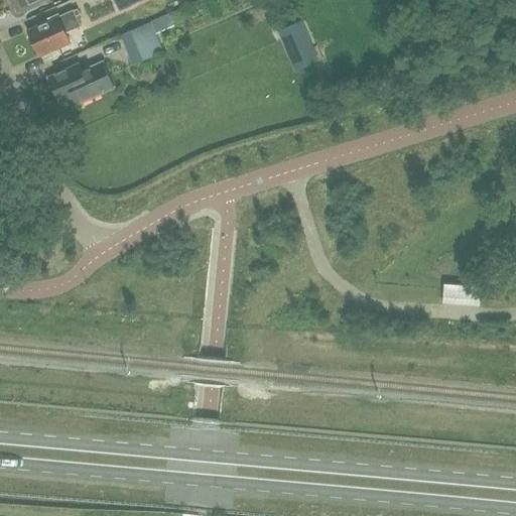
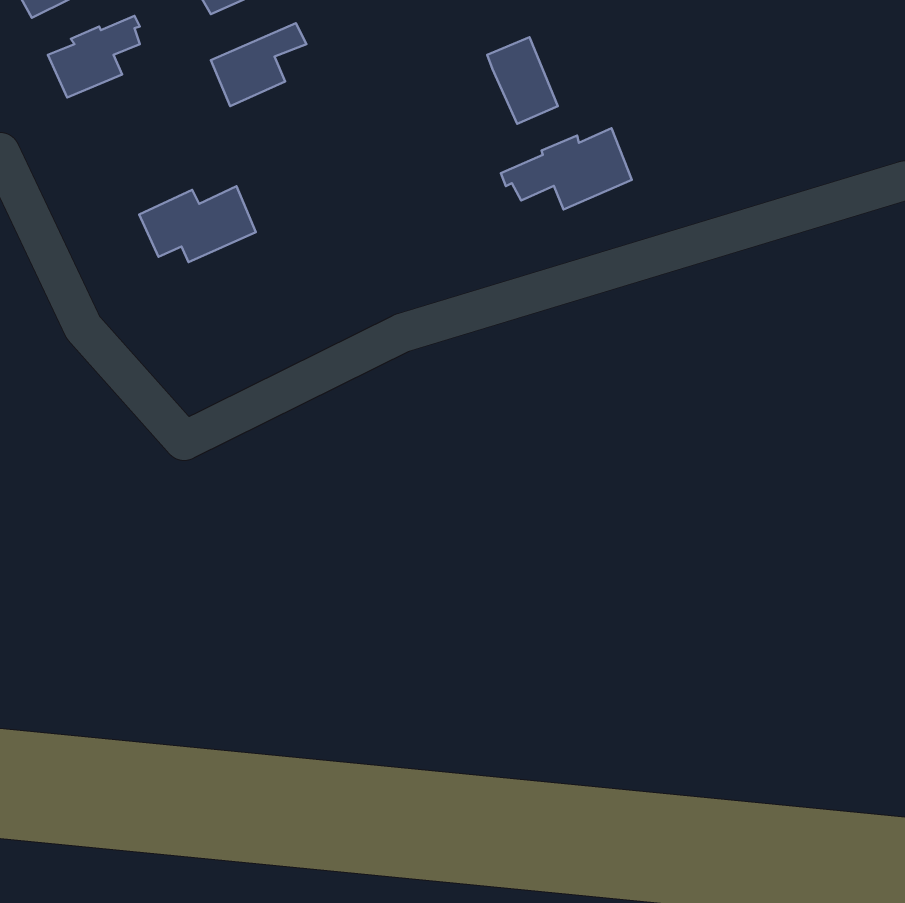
building: [48,61,115,105] -> [139,186,256,262]
building: none -> [501,128,632,209]

